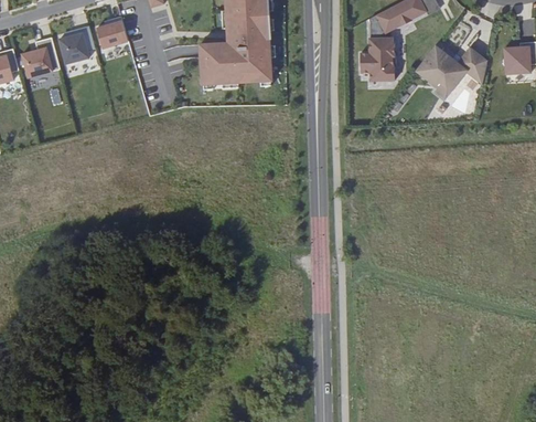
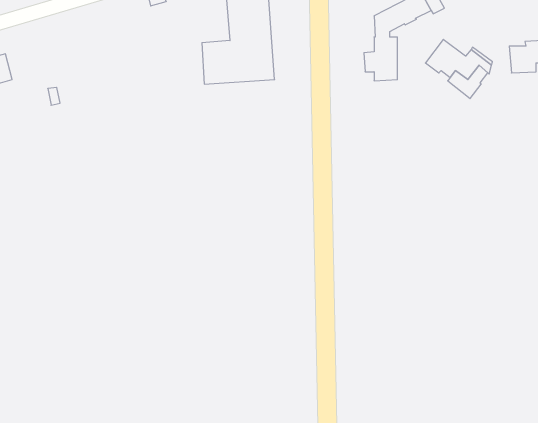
building: [94,20,127,50] -> none
building: [58,32,89,64] -> none
building: [20,44,51,76] -> none

